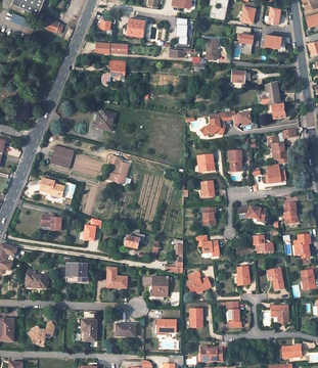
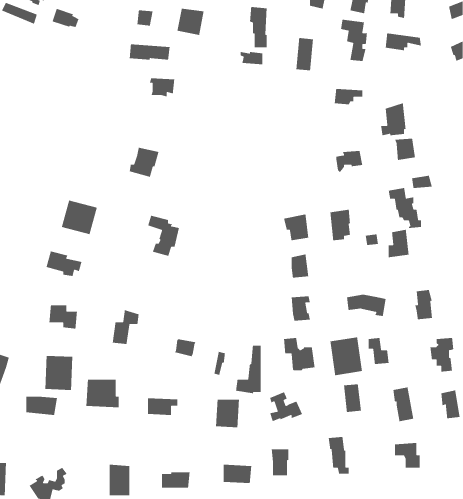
building: [201,110,232,136] -> none
building: none -> [330,336,363,376]
building: none -> [44,355,73,391]

